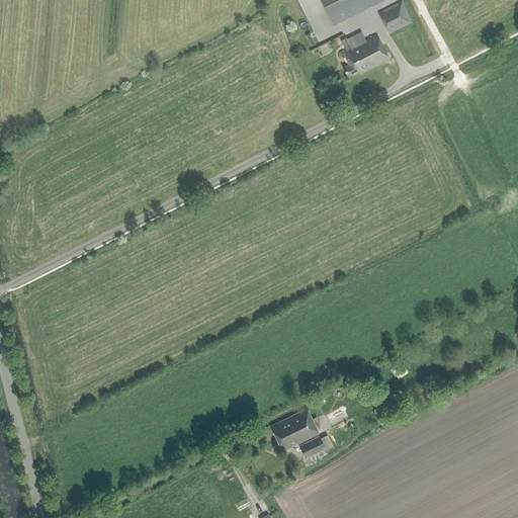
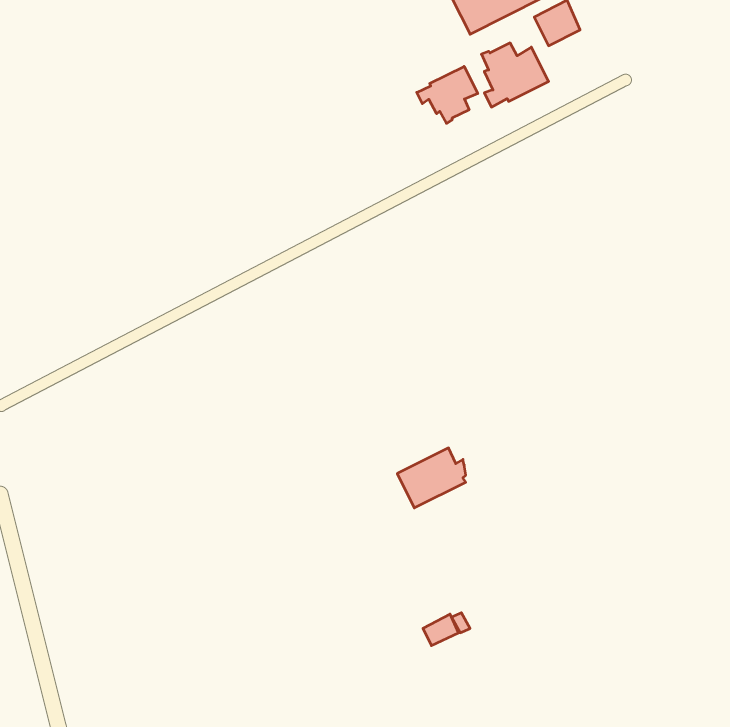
building: none -> [417,66,478,123]
building: [270,408,319,450] -> [397,448,466,508]

